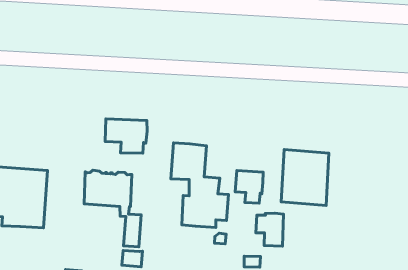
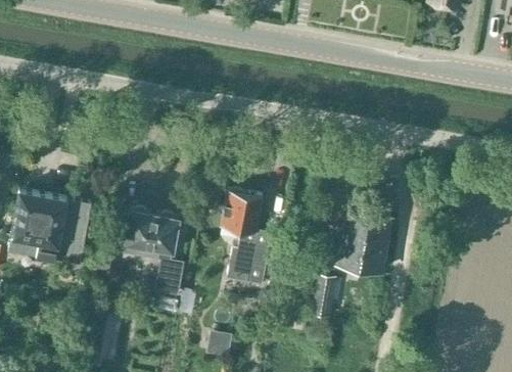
building: [105,119,147,153] -> none
building: [235,170,263,203] -> none

